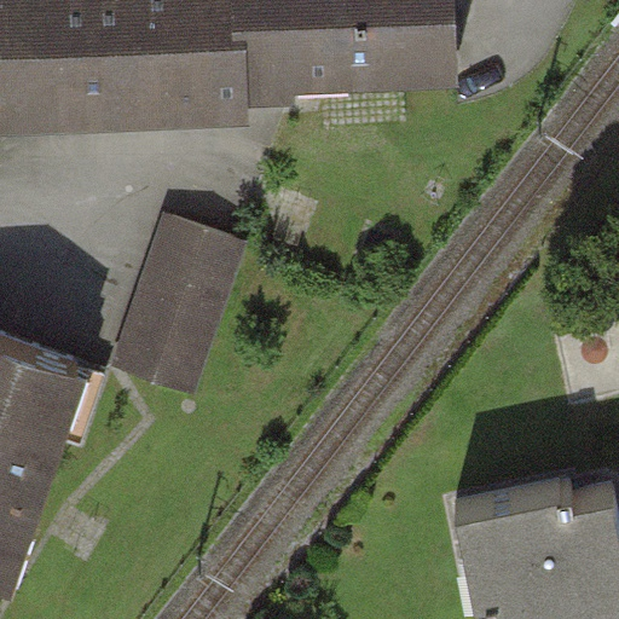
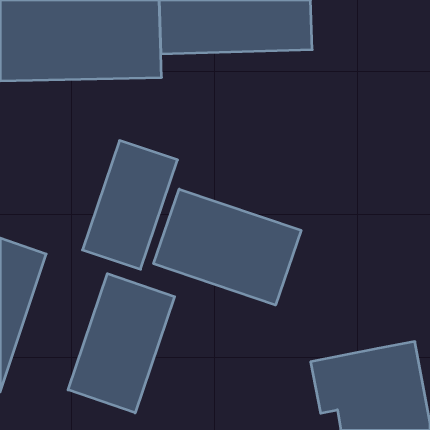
building: none -> [154,189,301,305]
building: none -> [68,274,175,413]

